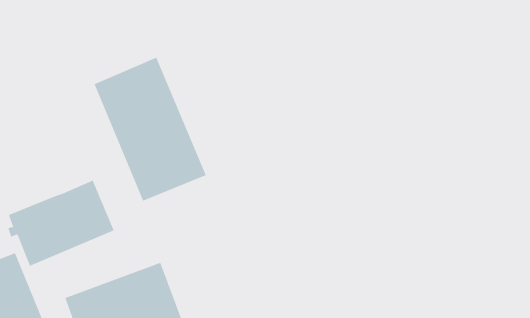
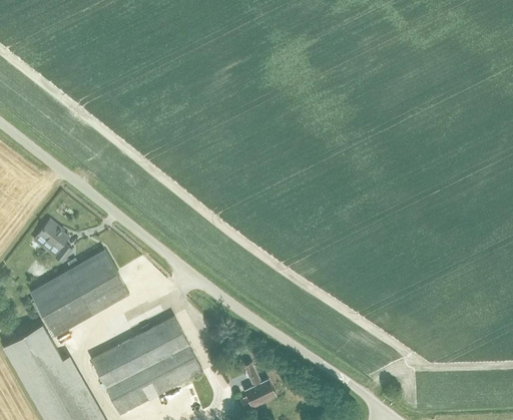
building: [94,57,207,201] -> none
building: none -> [38,221,72,263]

